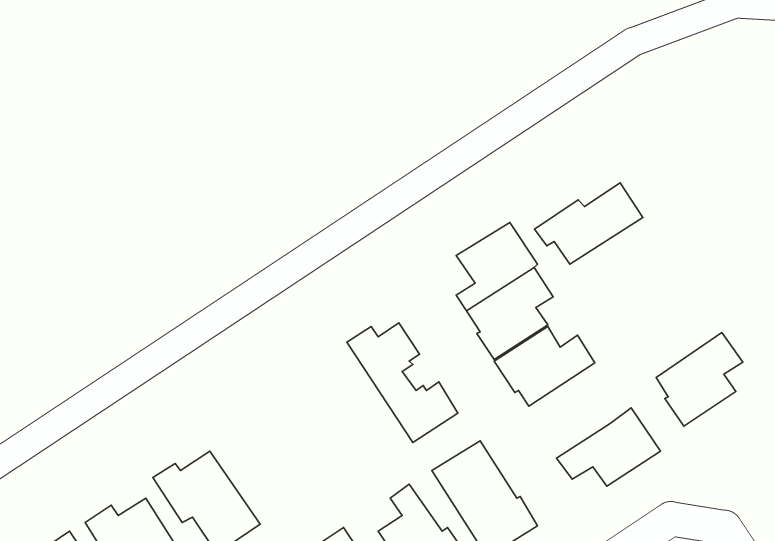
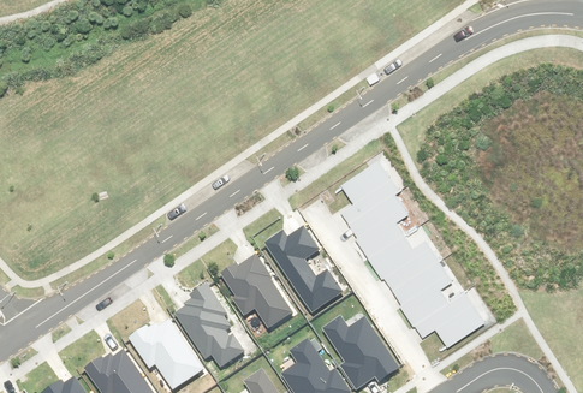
building: [534,183,643,264] -> none
building: [656,333,743,426] -> [389,258,450,323]
building: none -> [219,256,291,328]
building: none -> [178,285,240,364]

